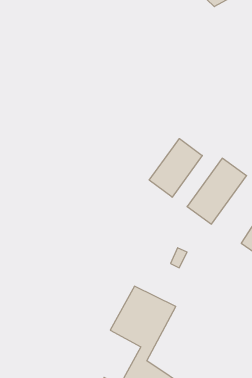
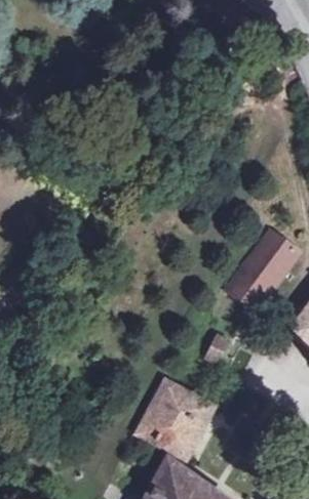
building: [149,139,202,197] -> none

